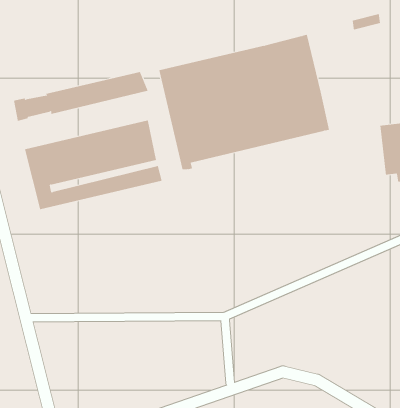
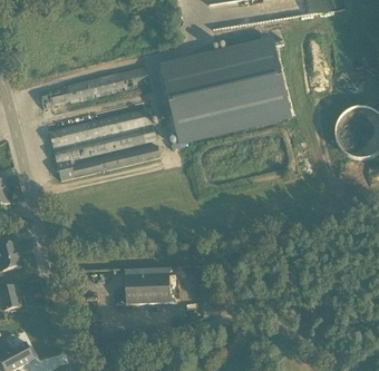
building: none -> [125,274,171,304]

